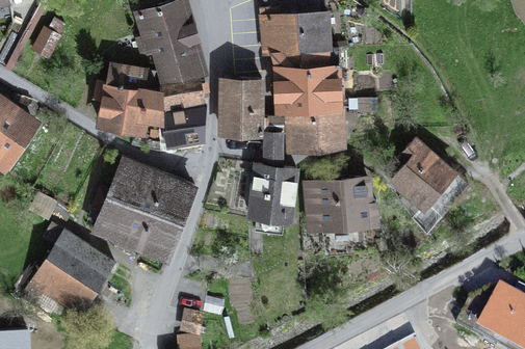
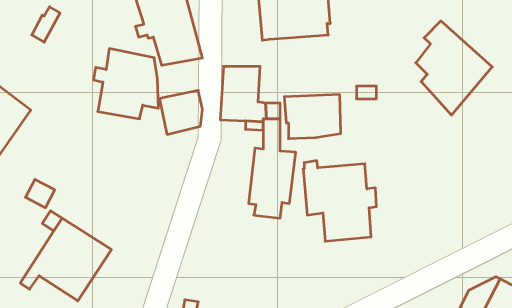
building: [271,47,341,109] -> none
building: [160,74,206,110] -> none
building: [391,137,467,231] -> [416,21,492,115]
building: [94,157,195,257] -> none

